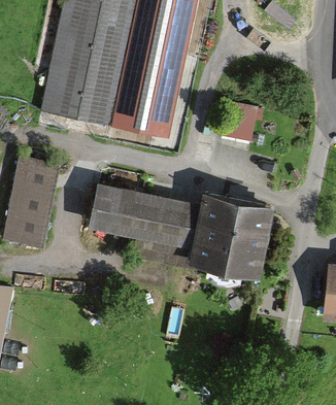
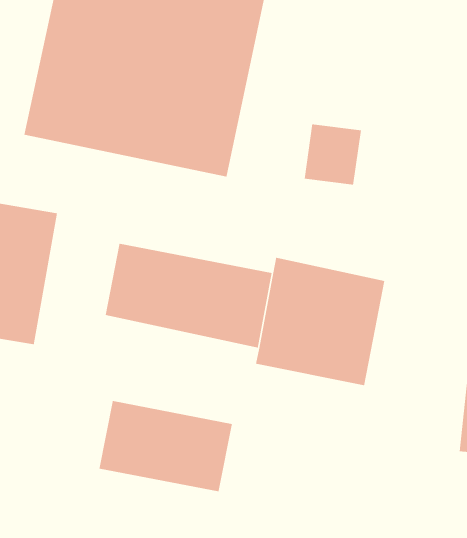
building: none -> [99,400,233,492]

